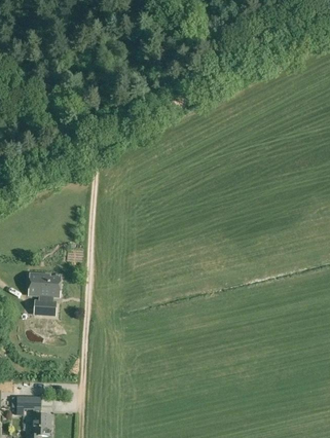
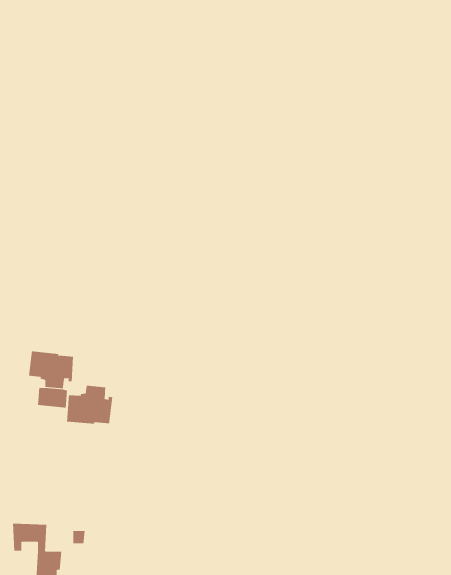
building: none -> [66,385,113,425]

